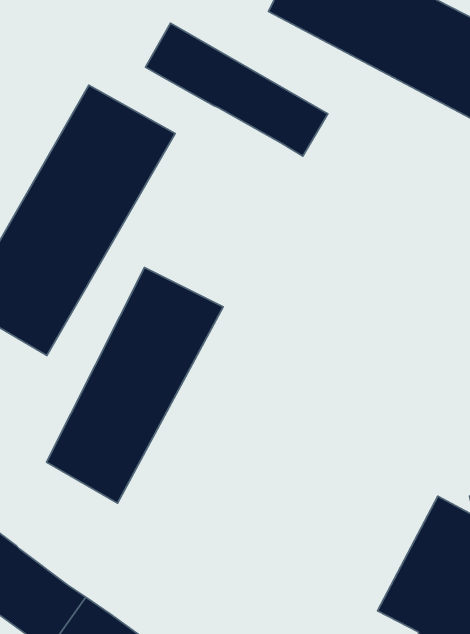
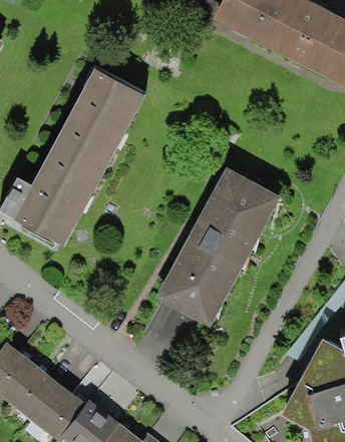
building: [145,23,328,156] -> none
building: [46,268,223,503] -> [158,169,276,326]

